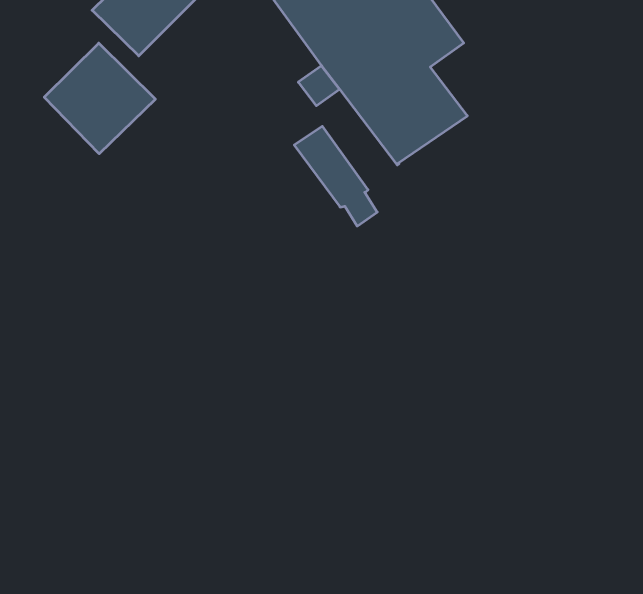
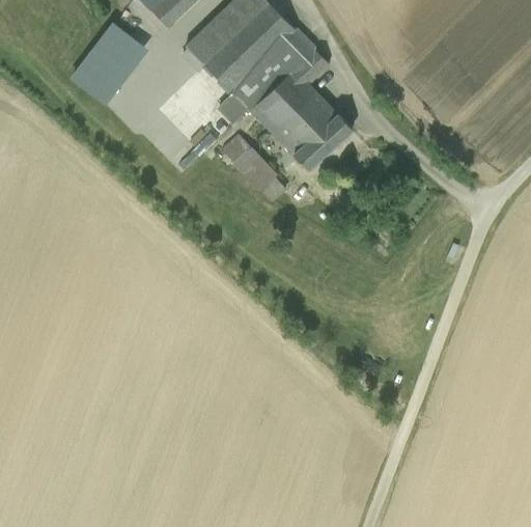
building: [44,43,155,154] -> none
building: none -> [294,114,352,169]

